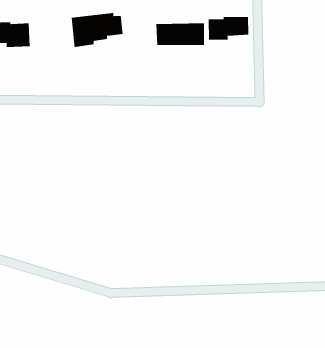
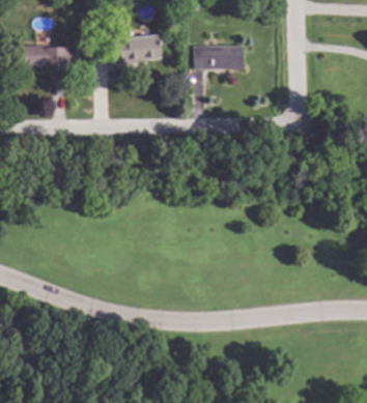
building: [208,16,249,40] -> none

